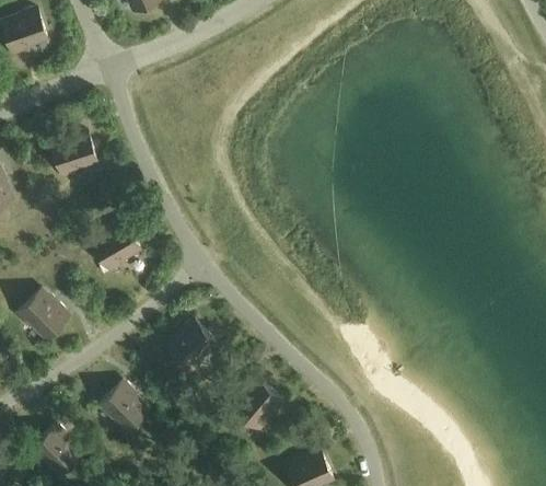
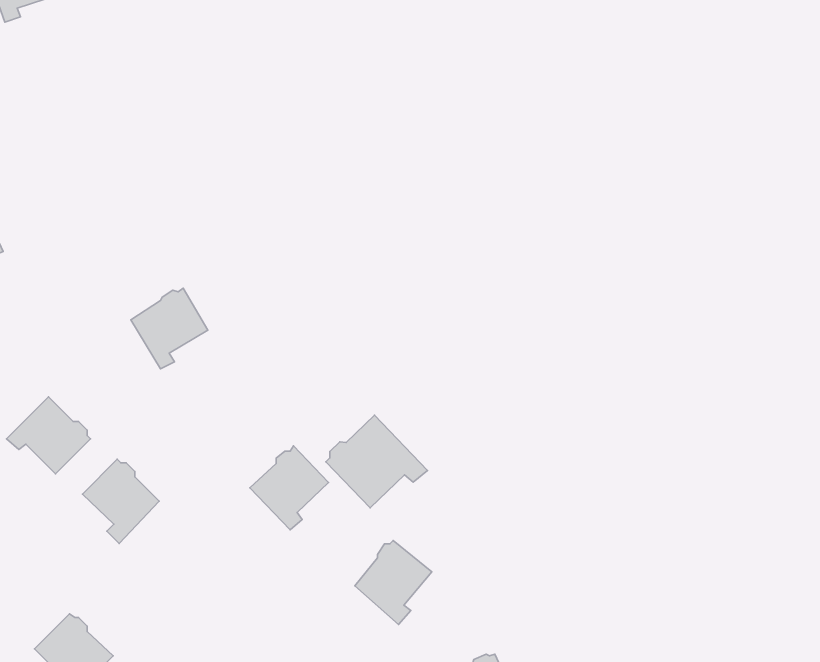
building: [53,132,97,178] -> none
building: none -> [326,415,428,508]
building: [101,383,149,436] -> [82,459,159,543]

